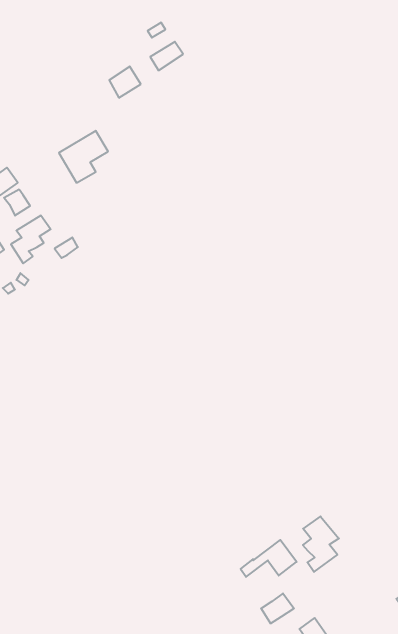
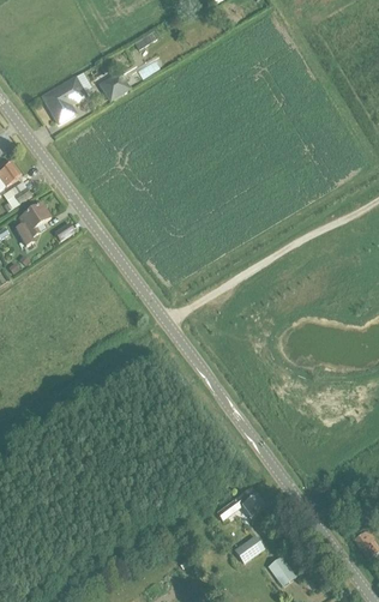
building: [59,131,108,183] -> [42,78,85,124]
building: [303,516,339,572] -> none

